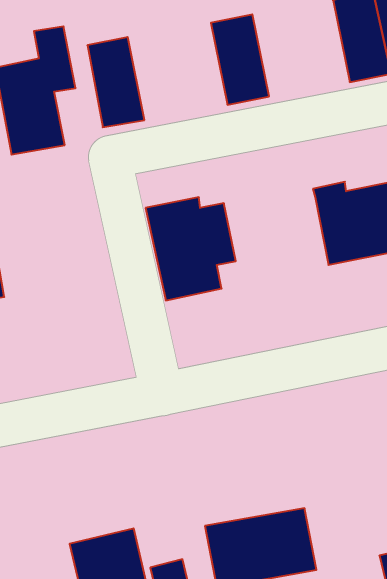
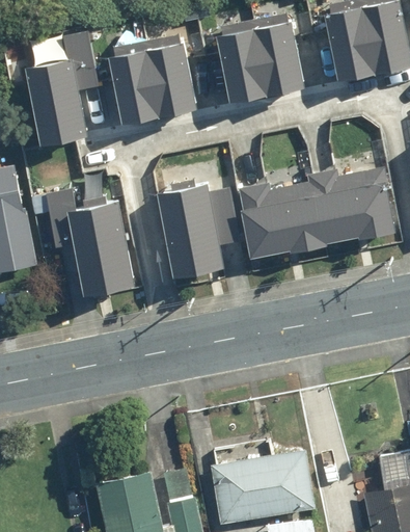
building: none -> [253,15,303,95]
building: none -> [144,34,195,115]
building: none -> [238,183,320,256]
building: none -> [48,184,132,286]

